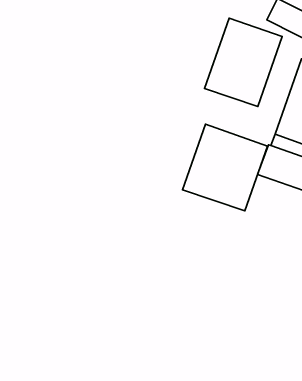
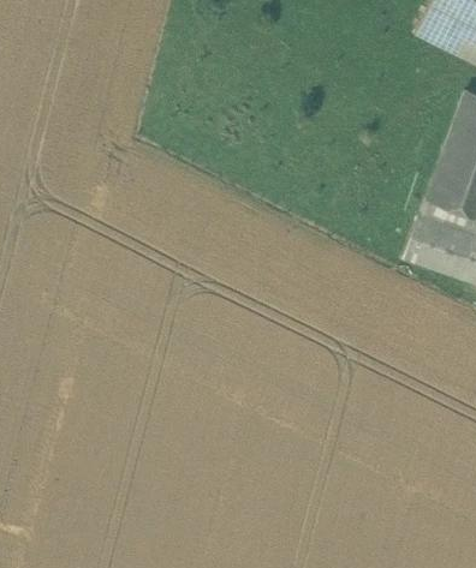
building: [204,18,282,107] -> none
building: [182,124,268,211] -> none

